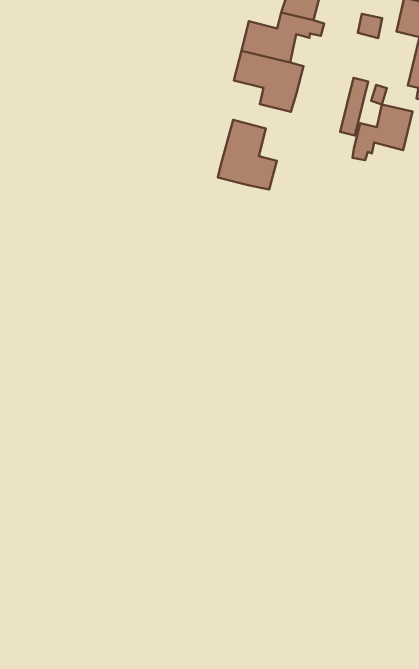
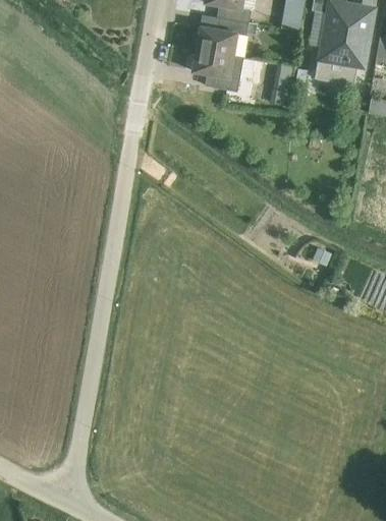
building: [353,104,413,160] -> none
building: [218,120,277,190] -> none

